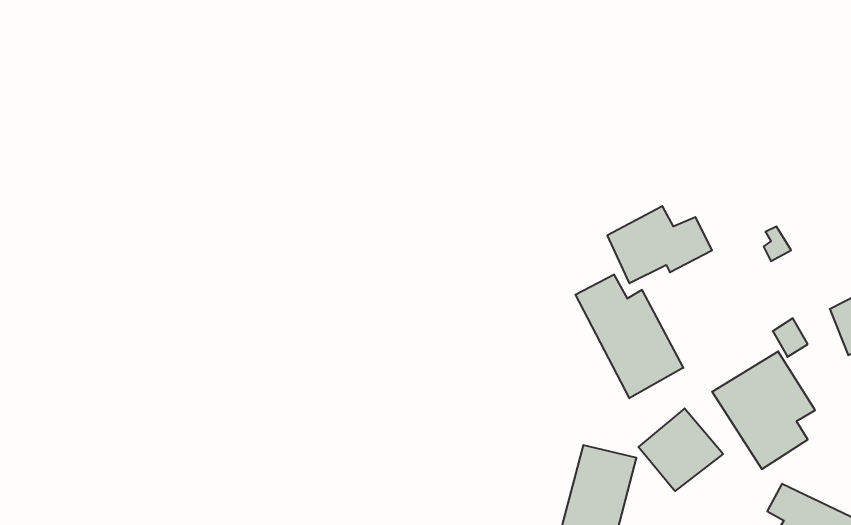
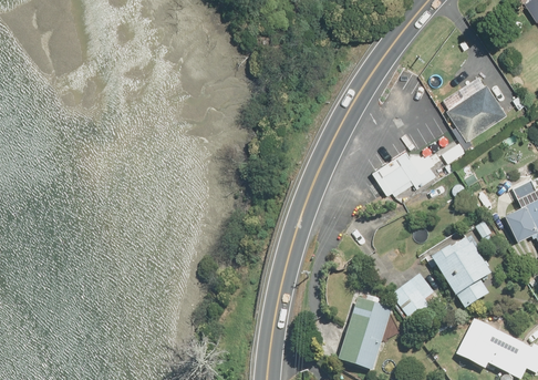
building: none -> [439,81,506,143]
building: [575,274,683,398] -> none

